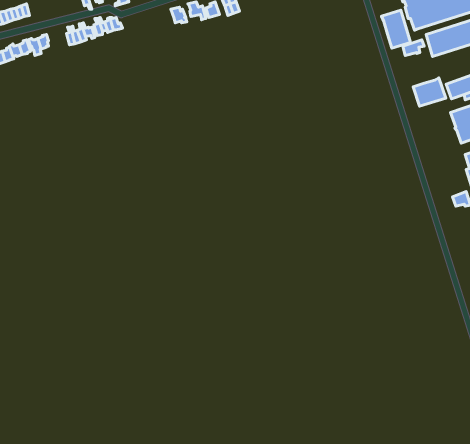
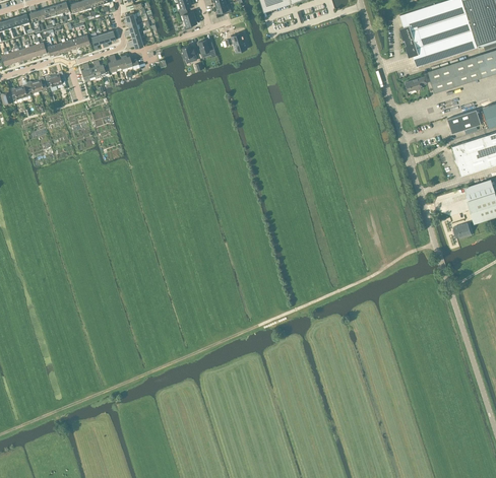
building: [381,10,410,48] -> none
building: [413,78,446,106] -> none

